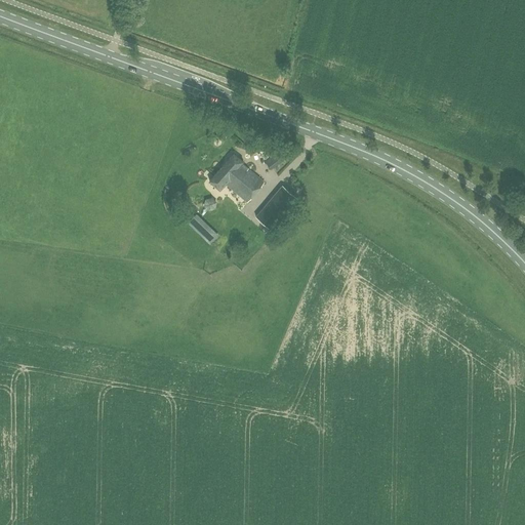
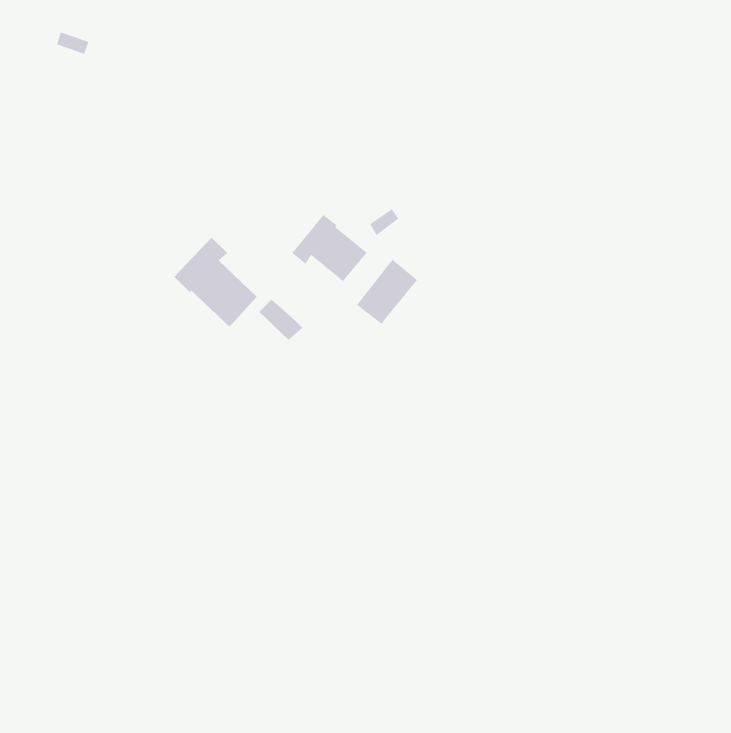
building: none -> [173,237,258,327]

